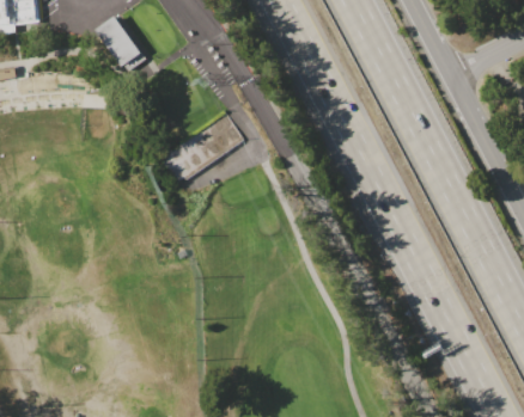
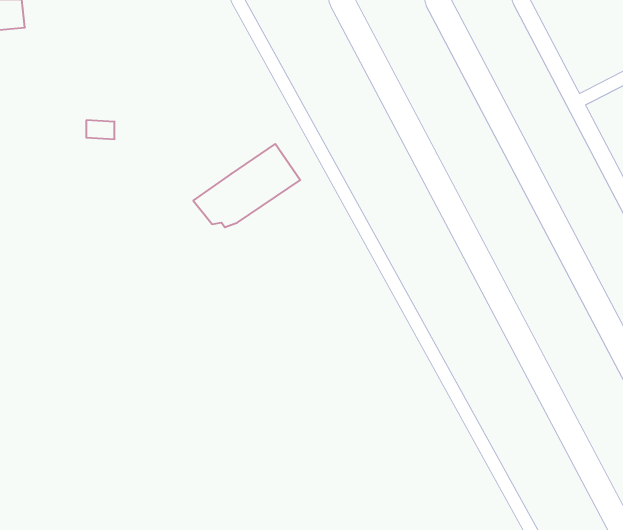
building: [97,10,148,68] -> none

